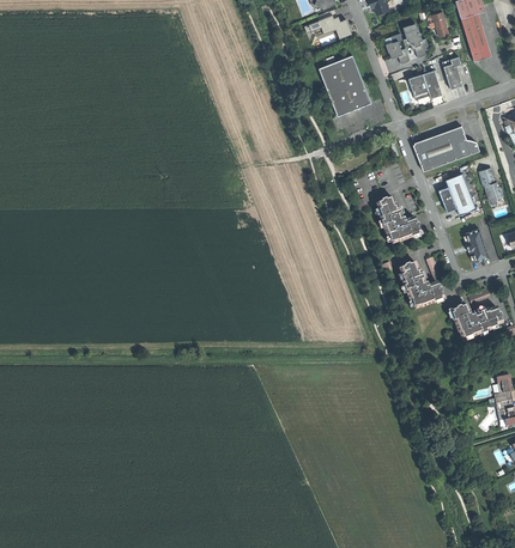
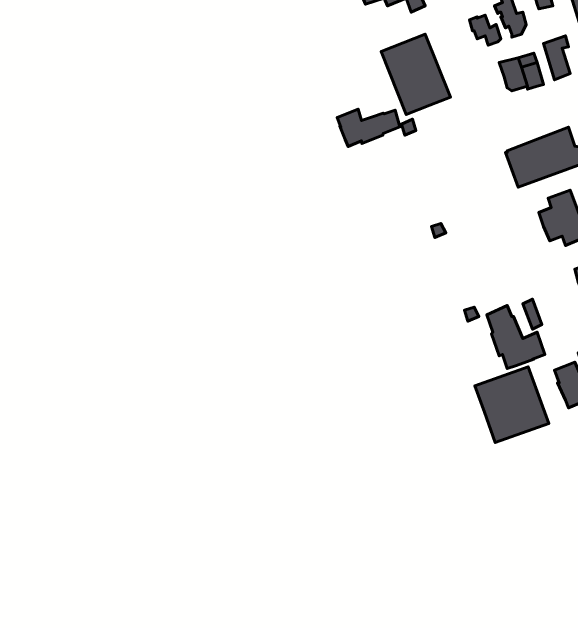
building: none -> [337,109,400,147]
building: [376,196,420,244] -> none
building: none -> [475,367,549,443]

